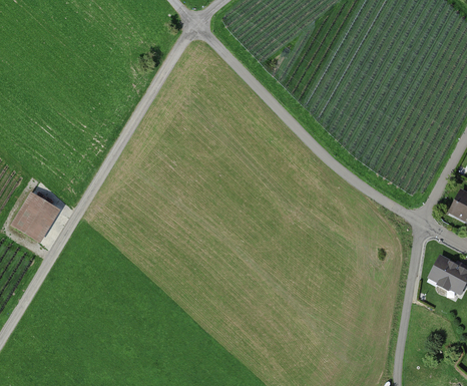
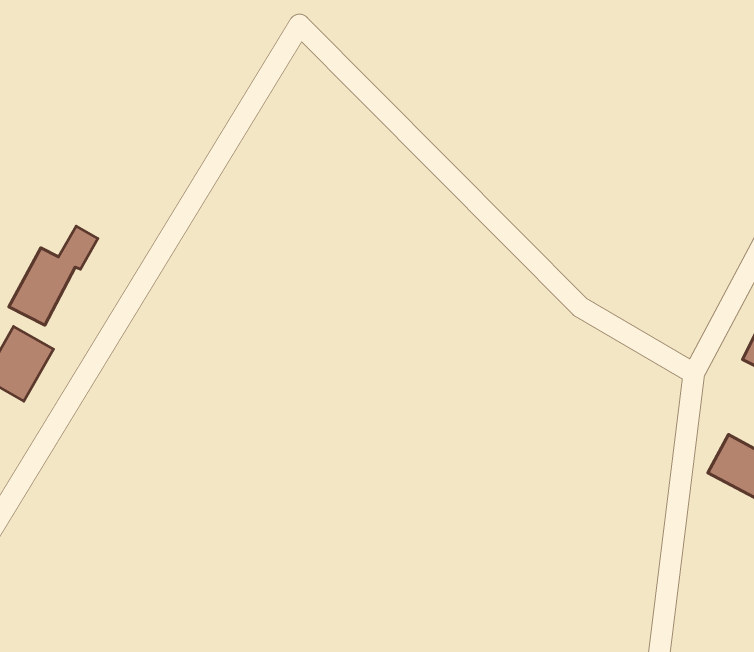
building: none -> [9,226,98,325]

